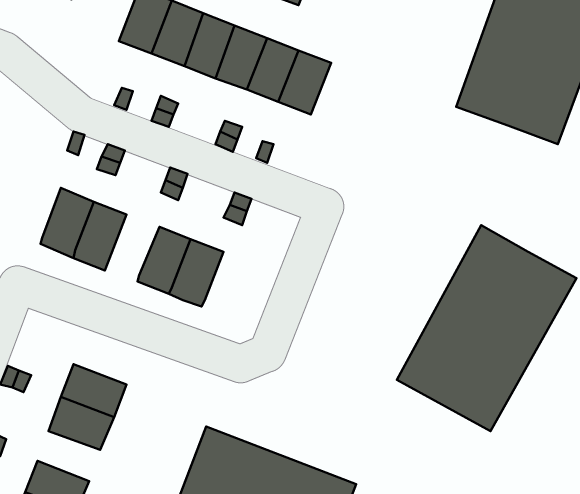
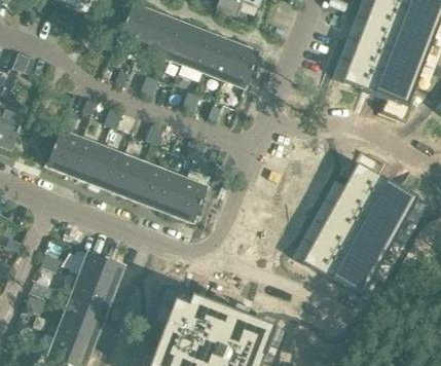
building: none -> [45,127,79,172]
building: none -> [108,152,144,196]
building: none -> [172,177,207,221]
building: none -> [64,295,105,328]

